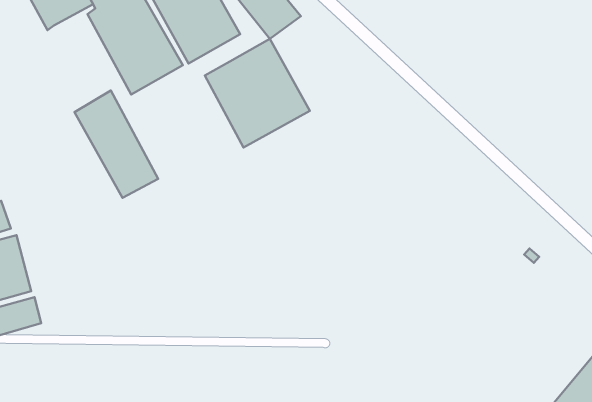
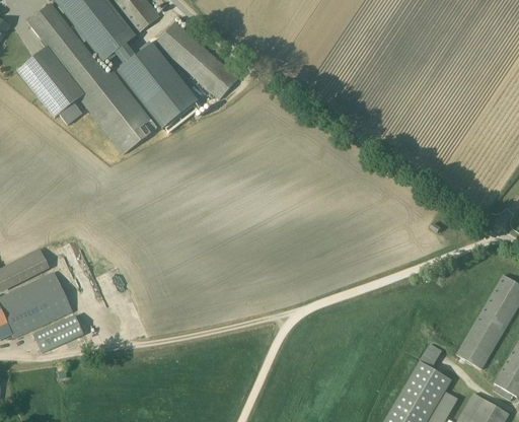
building: [205,39,310,147] -> none
building: [75,90,158,198] -> none

